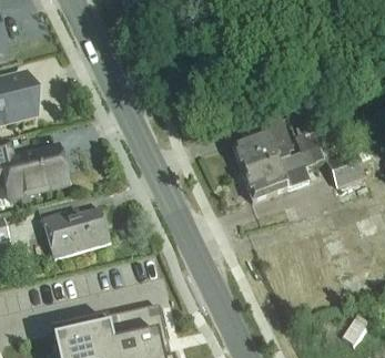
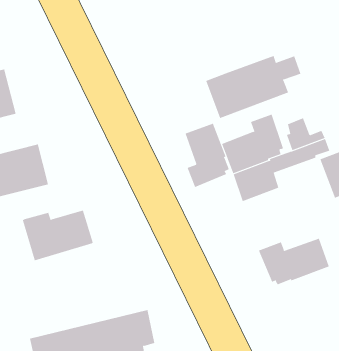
building: none -> [206,55,301,119]
building: none -> [185,123,229,188]
building: none -> [258,238,330,285]

